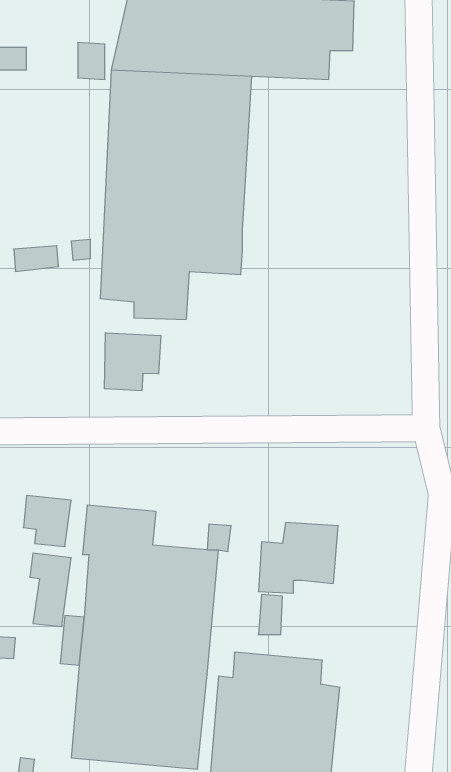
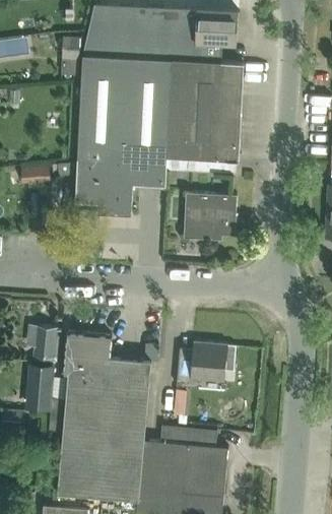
building: none -> [165,60,243,175]
building: none -> [183,194,236,242]
building: [105,333,161,391] -> none

